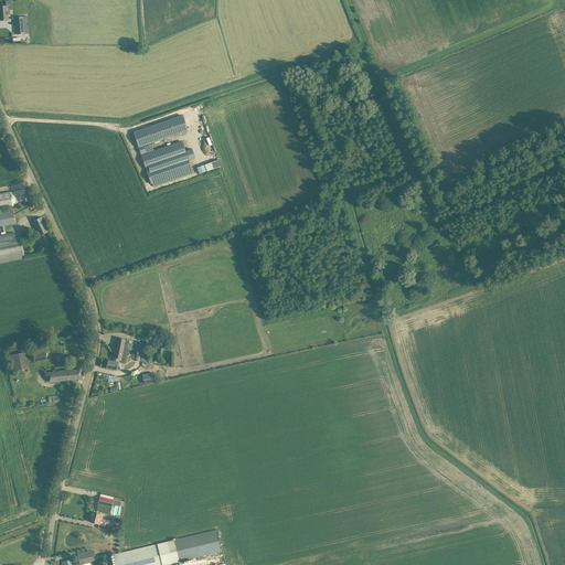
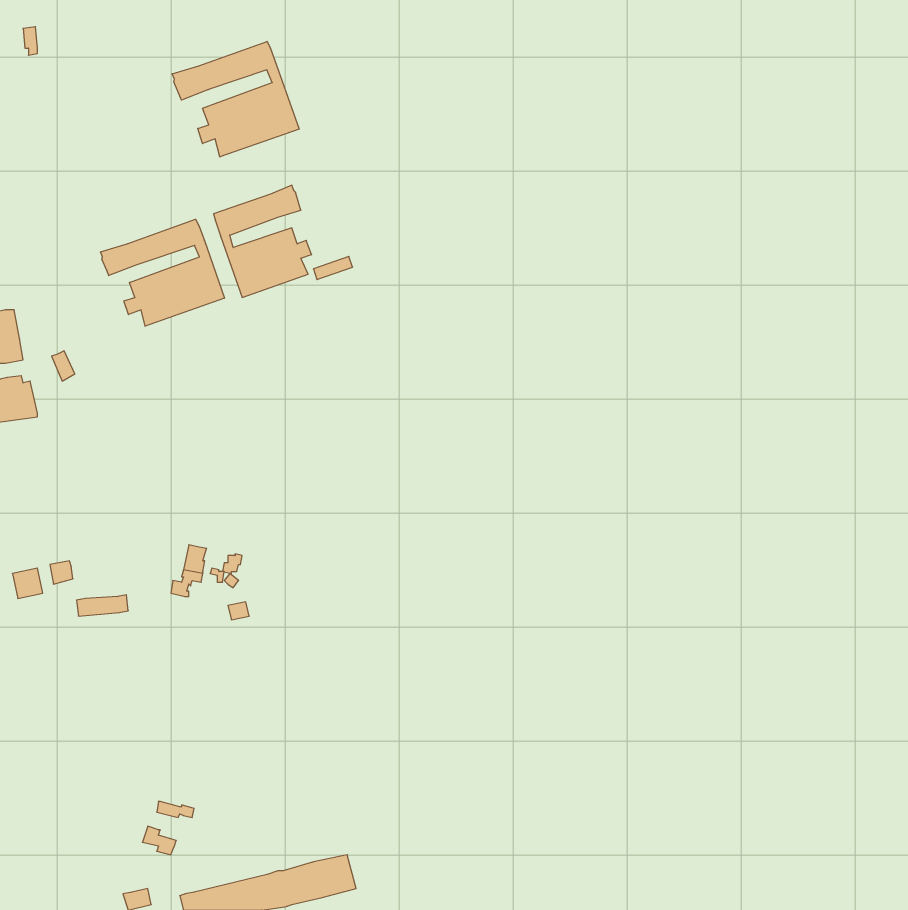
building: none -> [172,41,299,157]
building: none -> [101,219,224,326]

